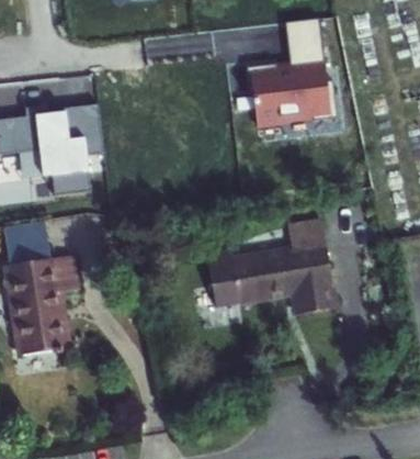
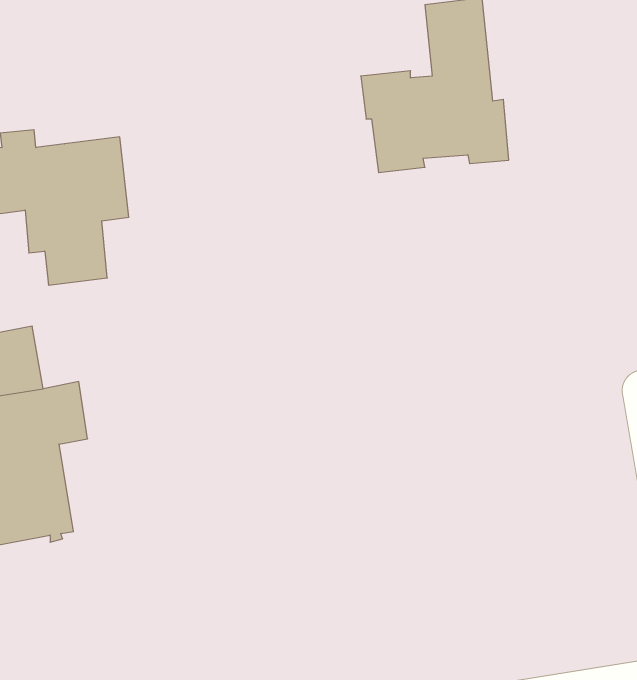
building: [205,223,336,317] -> none

